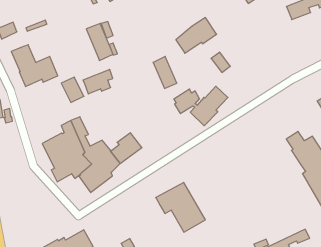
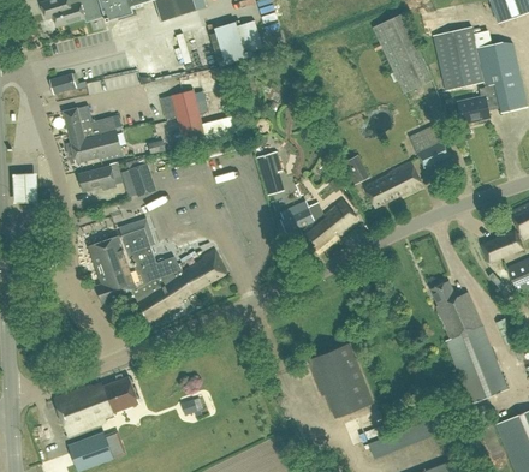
building: [176,18,217,53] -> [364,162,422,208]
building: none -> [409,124,450,167]
building: [83,69,113,94] -> [78,162,120,192]
building: [156,182,205,232] -> [309,345,374,414]

